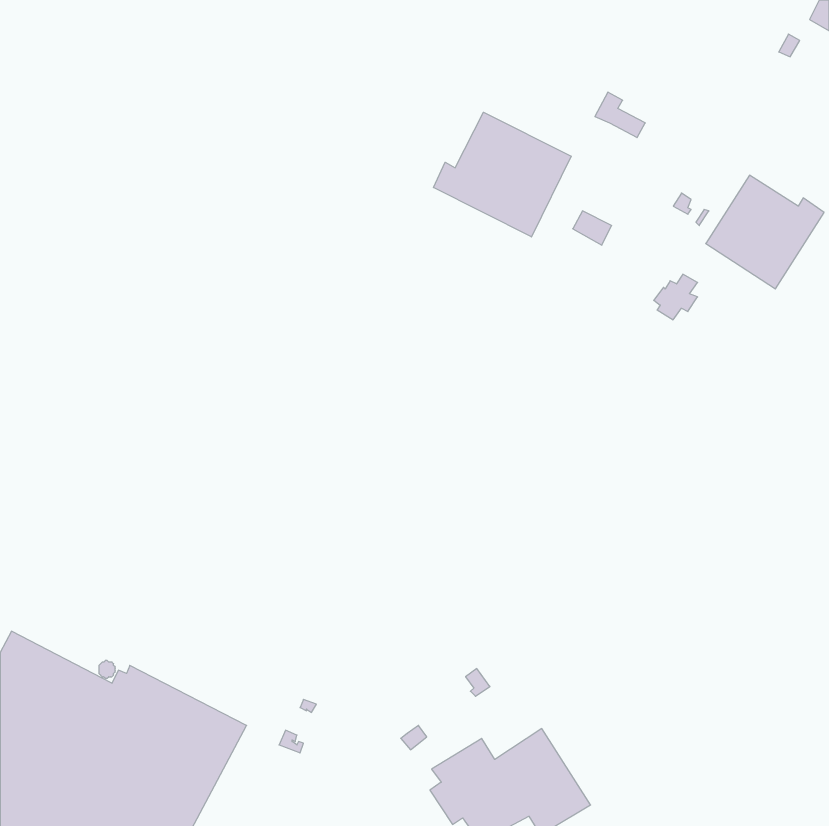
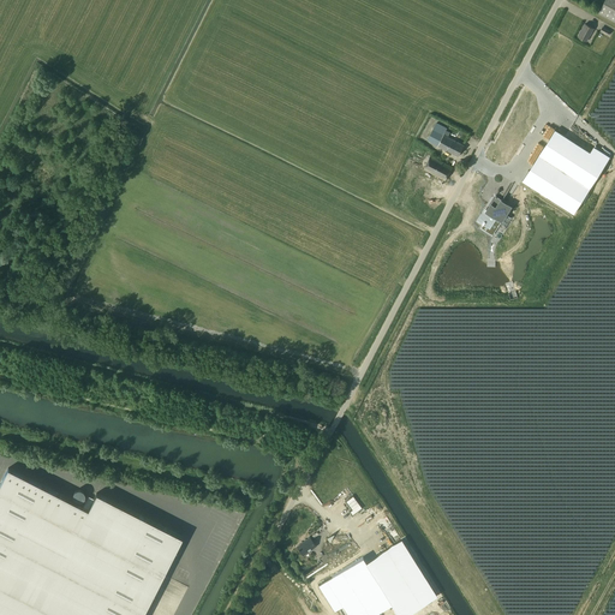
building: [595,92,645,138] -> [428,125,465,159]
building: [434,112,571,237] -> none

